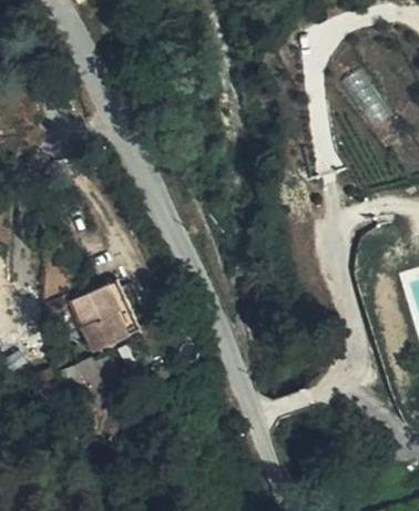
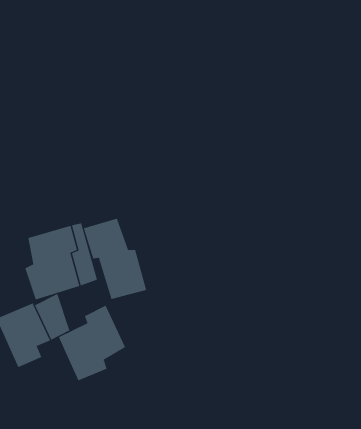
building: none -> [83,218,147,300]
building: none -> [58,305,126,381]

